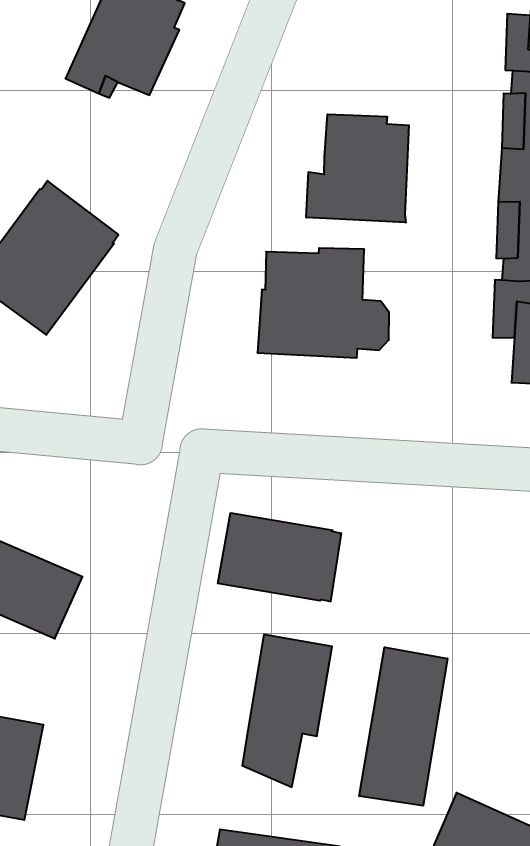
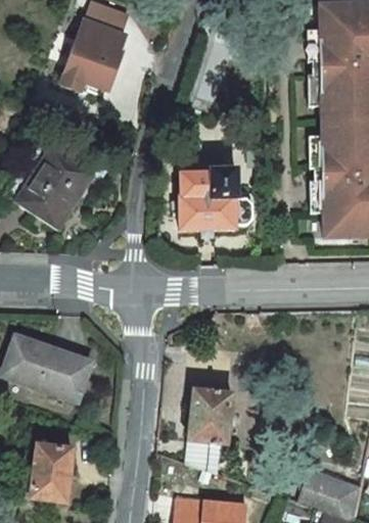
building: [306,114,409,223] -> none
building: [218,513,341,602] -> none
building: [359,647,447,806] -> none

